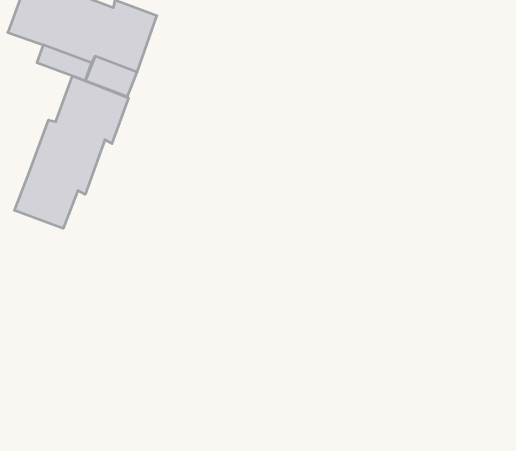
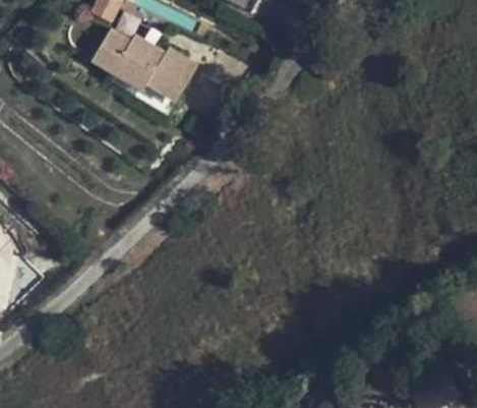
building: [14,76,128,228] -> none

